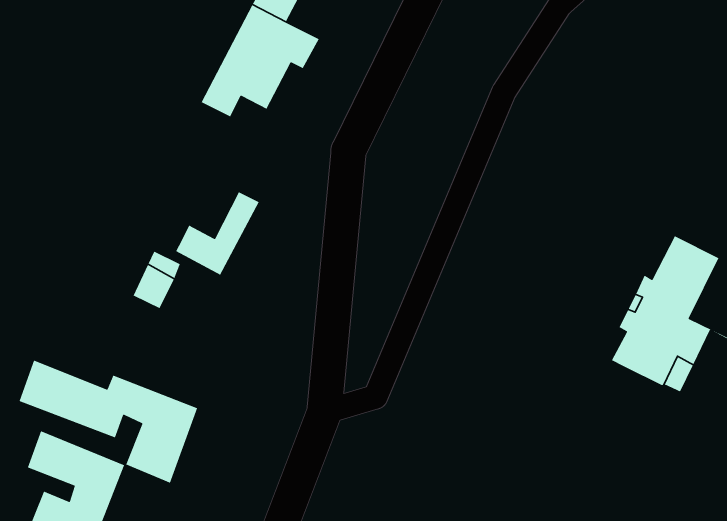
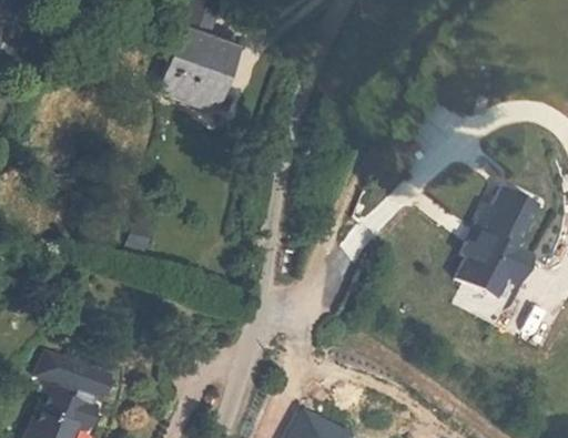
building: [175,191,260,276] -> [178,68,240,130]
building: [19,359,198,484] -> none

